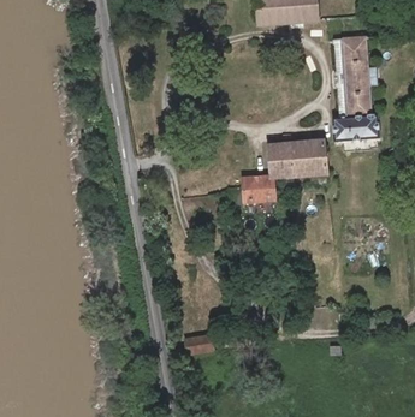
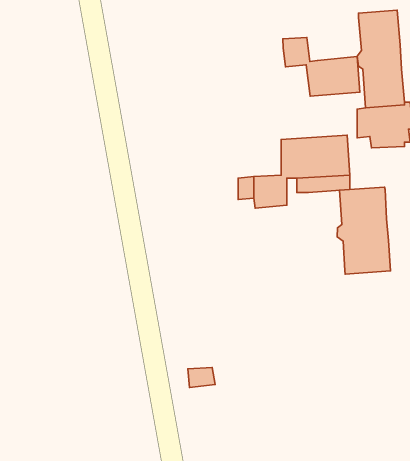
building: none -> [283,38,360,96]
building: none -> [337,187,390,274]

